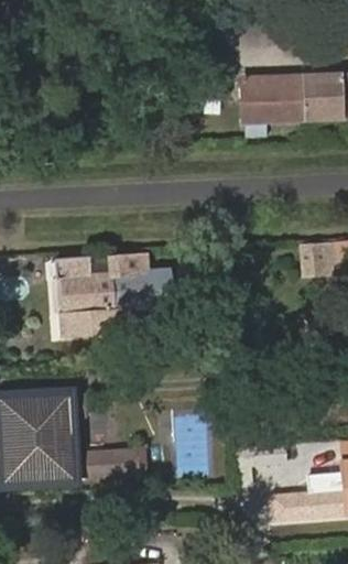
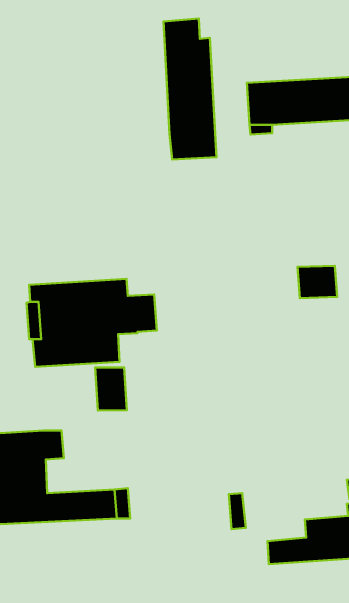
building: none -> [163,19,217,160]
building: none -> [95,367,127,410]

